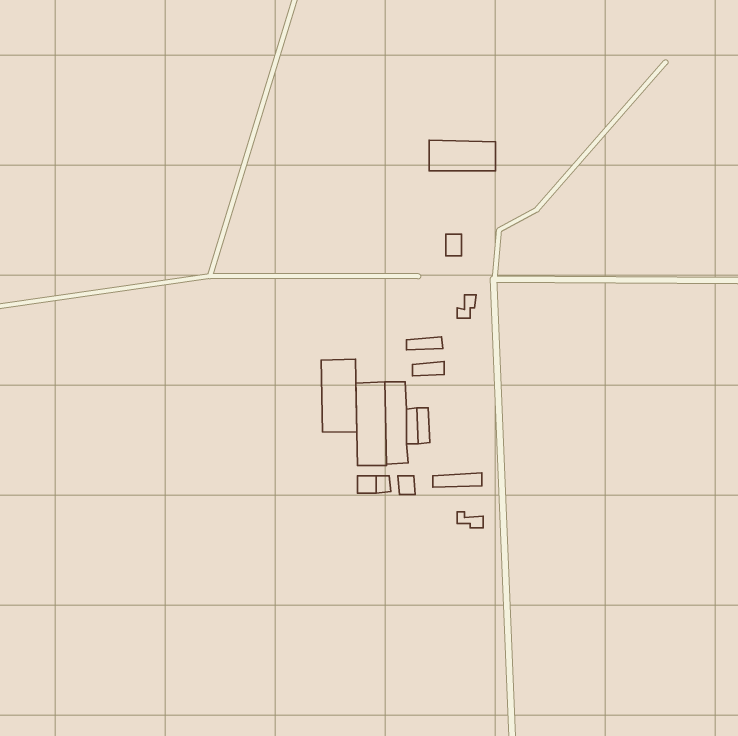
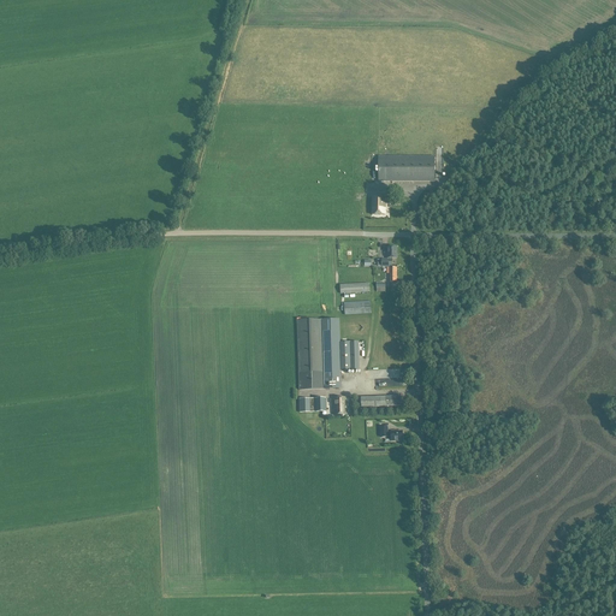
building: [429,140,496,171] -> [378,154,433,179]
building: [321,359,357,432] -> none

